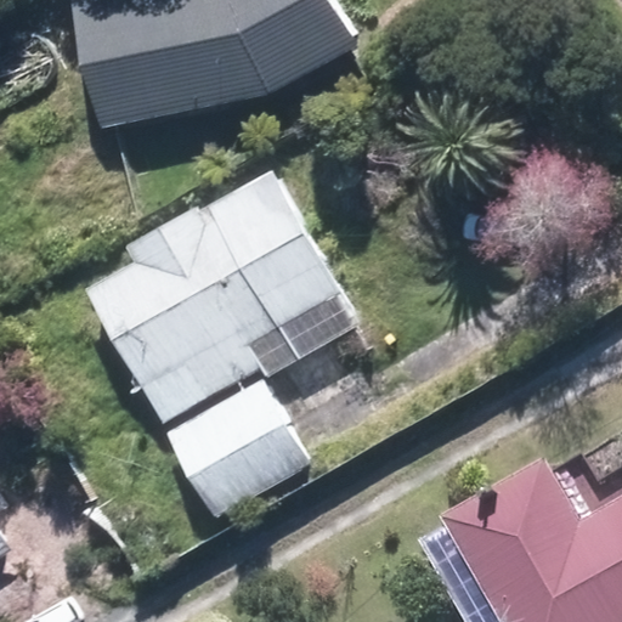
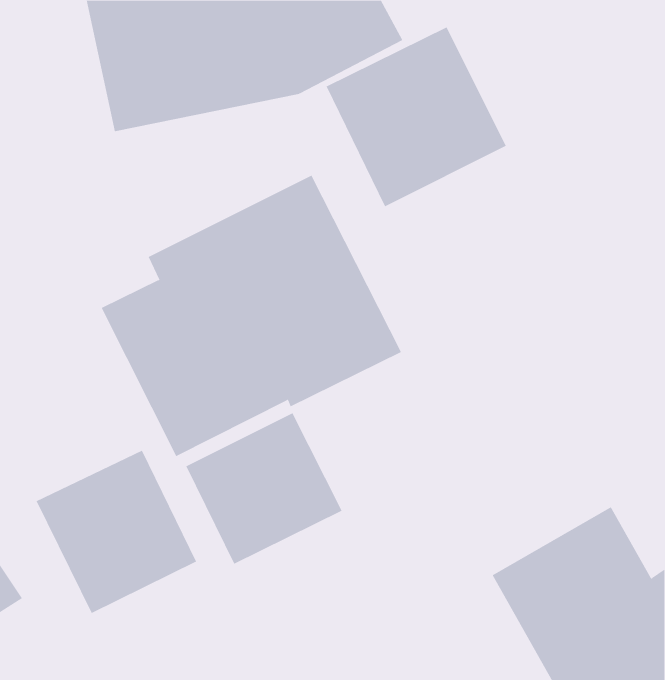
building: none -> [326,26,507,207]
building: none -> [36,450,197,614]

